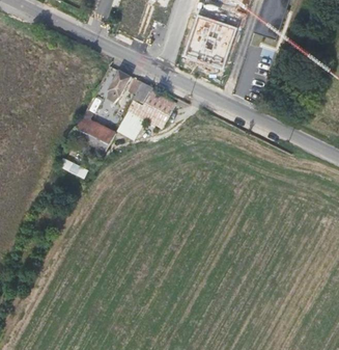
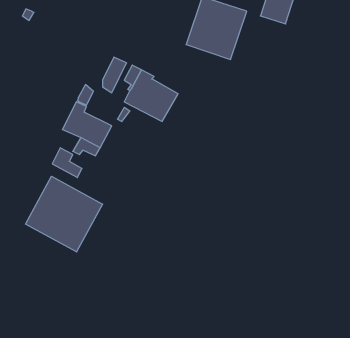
building: none -> [26,176,103,252]

